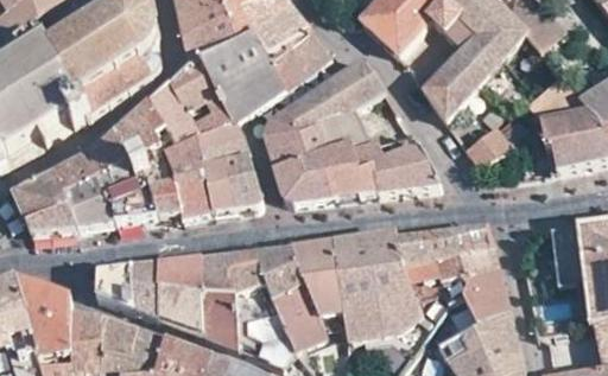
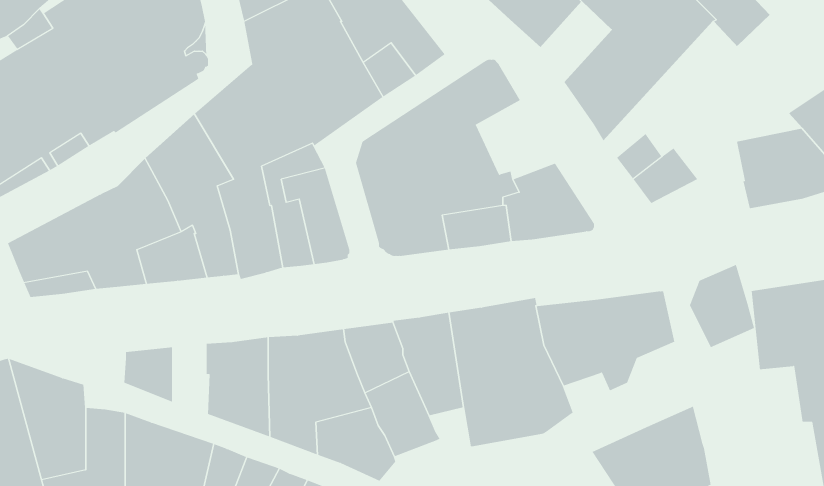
building: [463,265,511,325] -> [689,264,755,348]
building: [134,266,160,317] -> none

